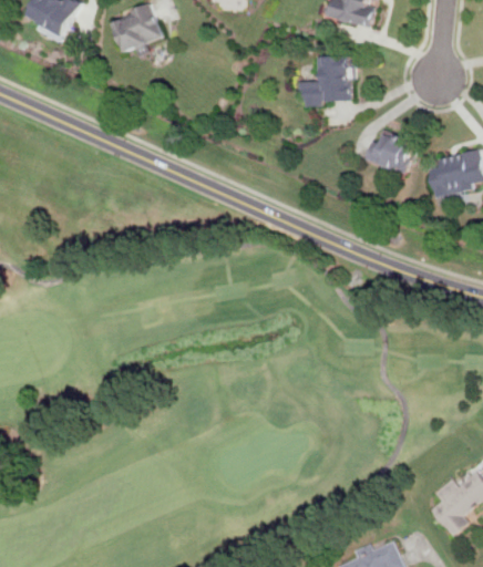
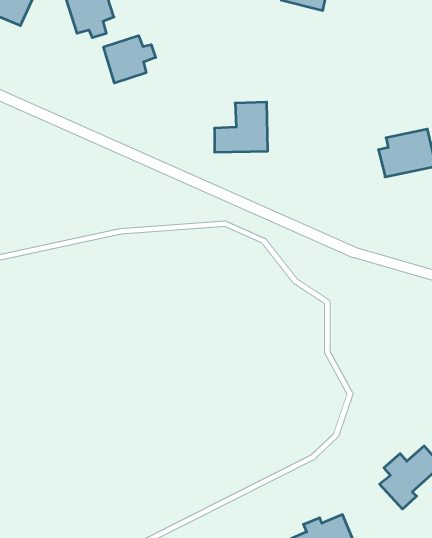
building: none -> [104,36,156,83]
building: [297,54,351,105] -> [214,102,268,152]
building: [364,127,413,173] -> none

